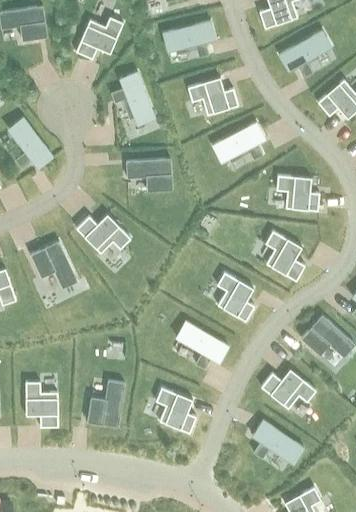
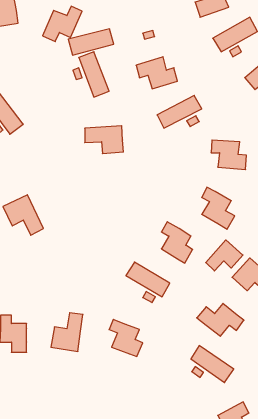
building: [162,21,216,52] -> [68,29,114,55]
building: [76,215,130,254] -> none
building: none -> [206,240,243,271]

